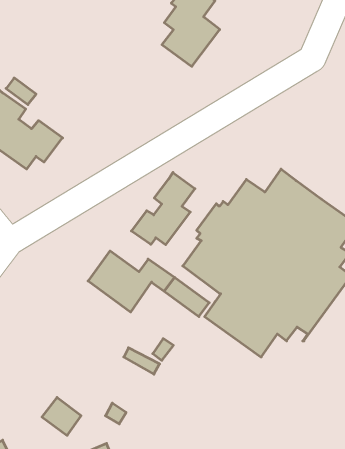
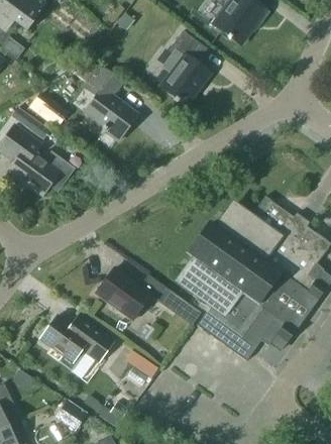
building: none -> [84,66,137,140]
building: [131,172,195,245] -> none
building: none -> [40,316,113,370]

